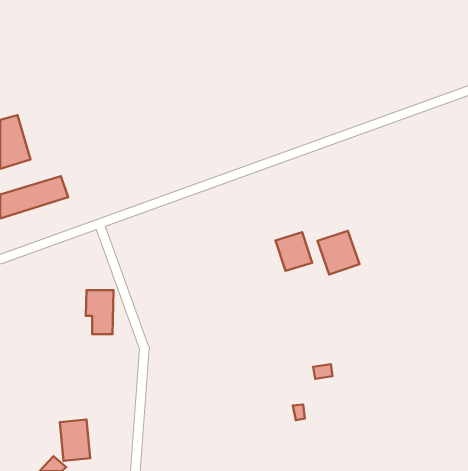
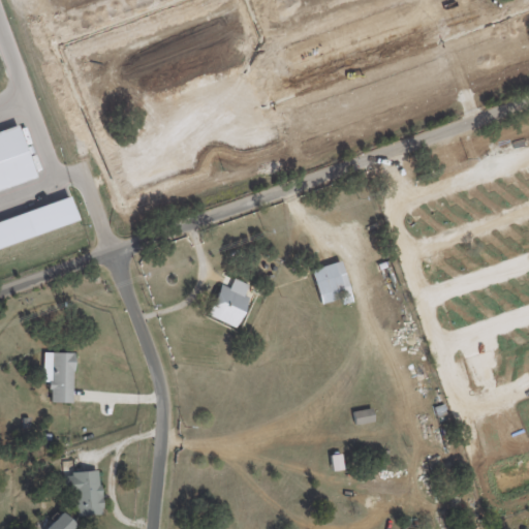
building: [317,231,360,274] -> none
building: none -> [209,278,251,326]
building: [86,290,113,334] -> [44,352,75,402]

